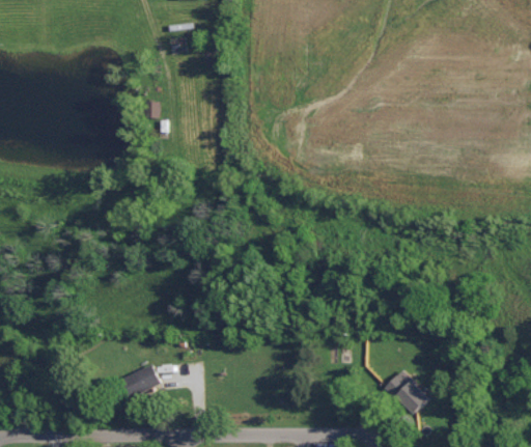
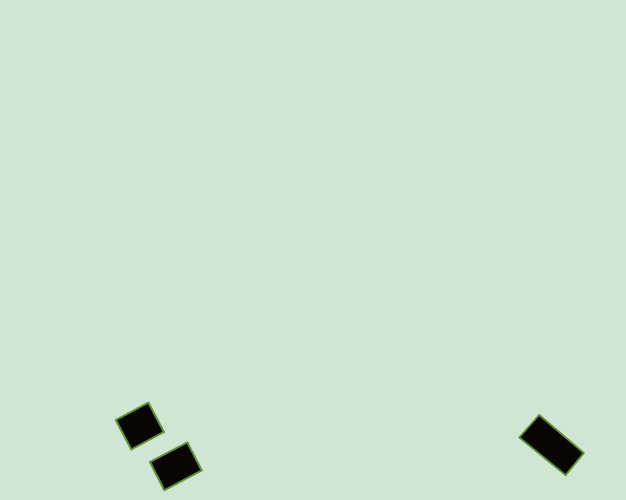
building: none -> [116,403,164,450]

